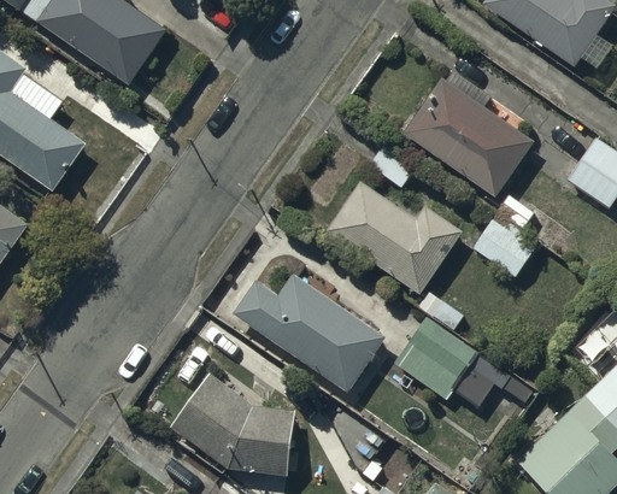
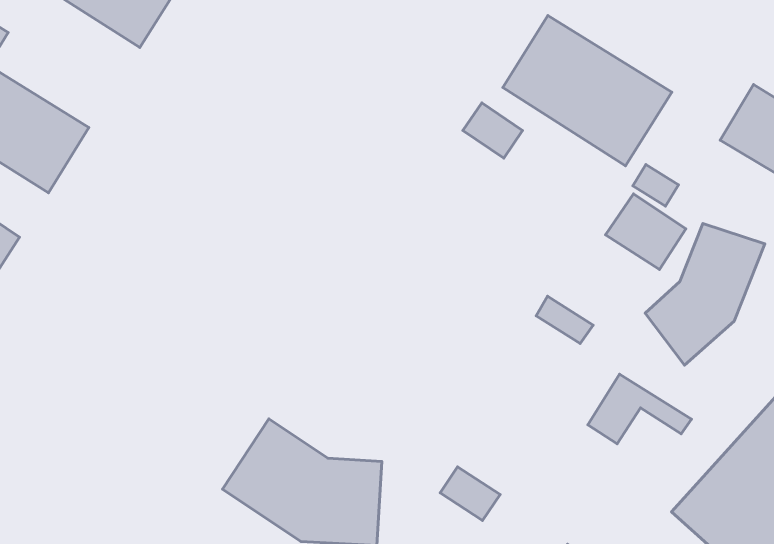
building: [325,180,463,295] -> none
building: none -> [645,224,765,365]
building: [234,276,386,390] -> none
building: [395,318,476,398] -> none

